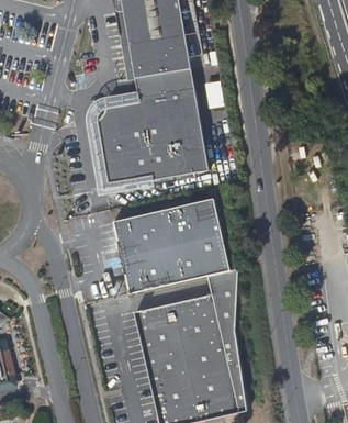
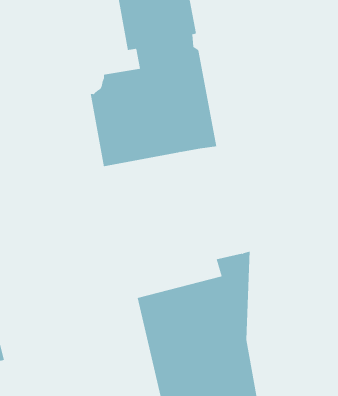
building: [115,198,232,292] -> none

